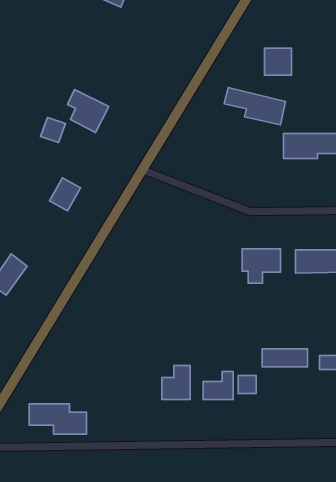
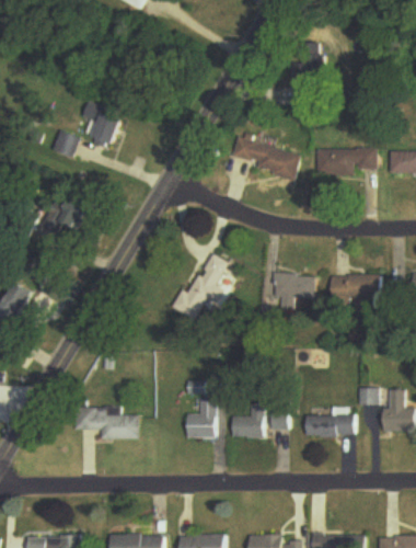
building: [224,88,286,125] -> [234,138,301,179]
building: none -> [172,252,230,322]
building: [262,349,307,367] -> [303,416,353,436]
building: [29,404,87,434] -> [74,407,137,439]

